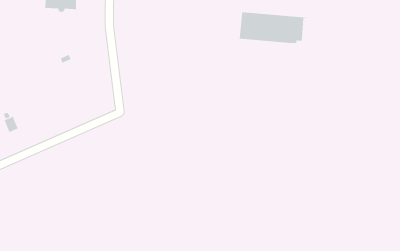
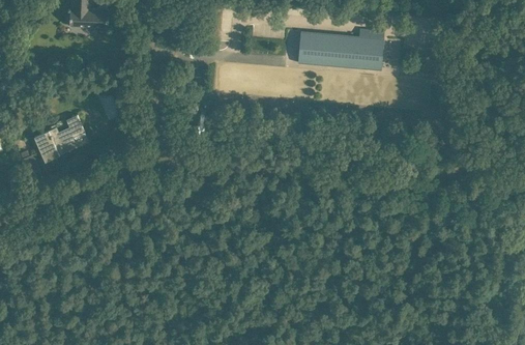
building: none -> [34,114,84,161]

